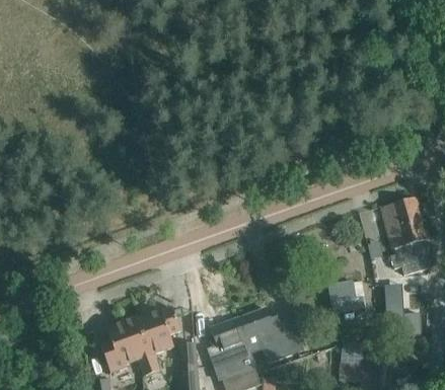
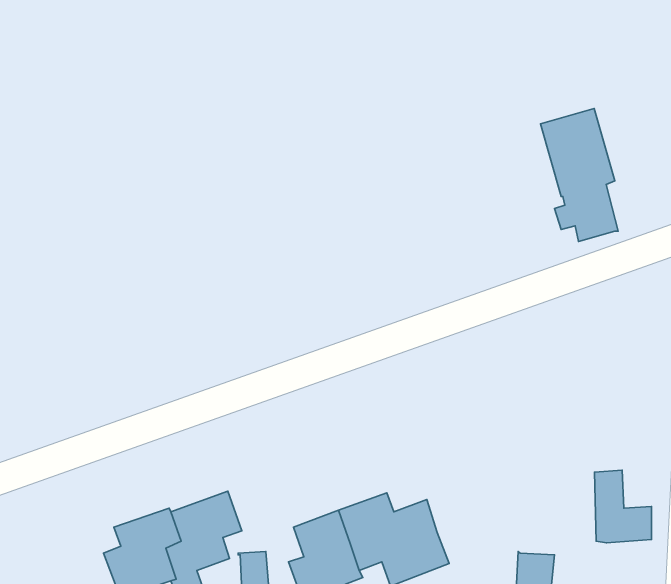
building: [383,197,429,275] -> [541,108,618,241]
building: [328,283,357,313] -> none

